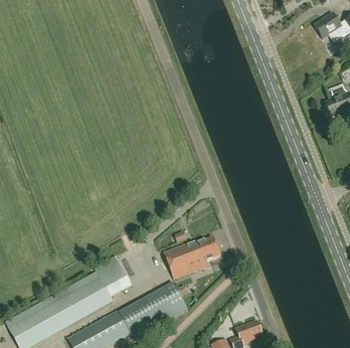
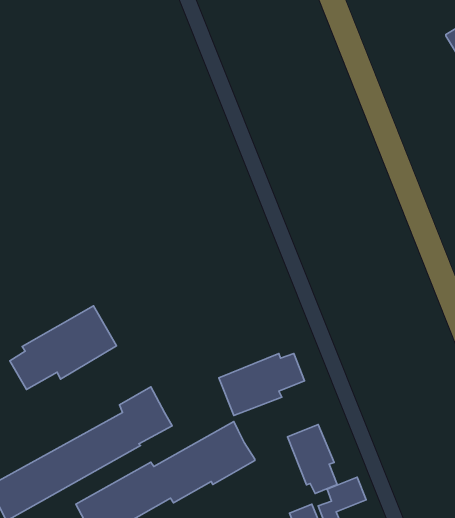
building: none -> [10,306,116,389]
building: none -> [287,425,337,494]

